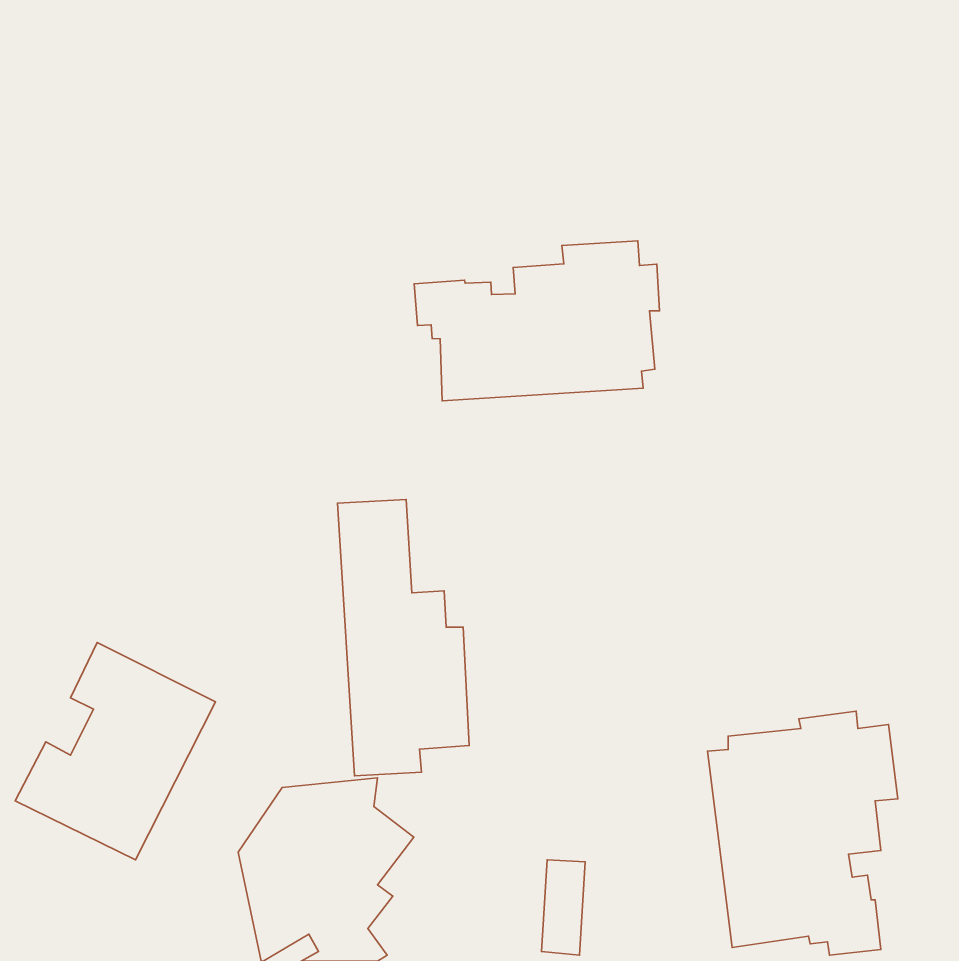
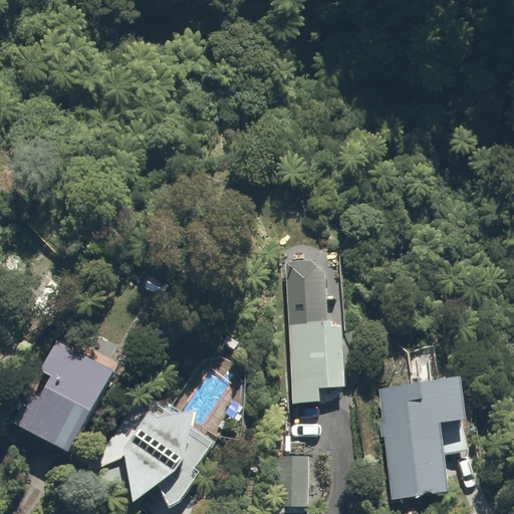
building: [414,241,659,401] -> none
building: [337,499,469,776] -> [276,254,345,400]

